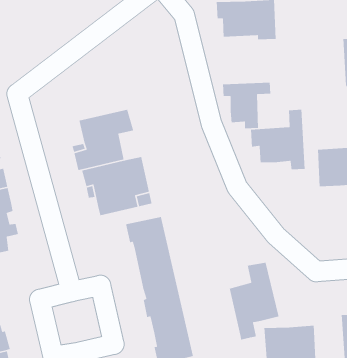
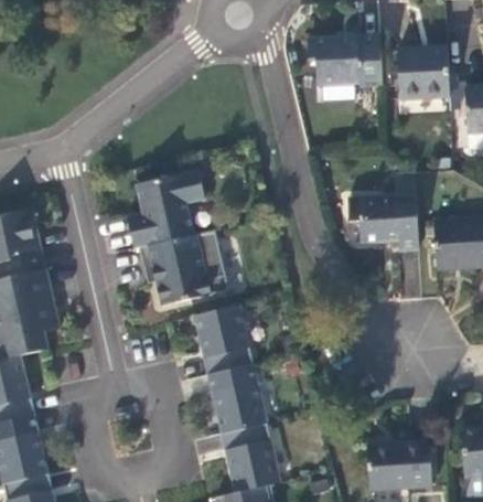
building: none -> [398,44,450,96]
building: [222,82,271,129] -> none
building: [229,262,279,341] -> none

